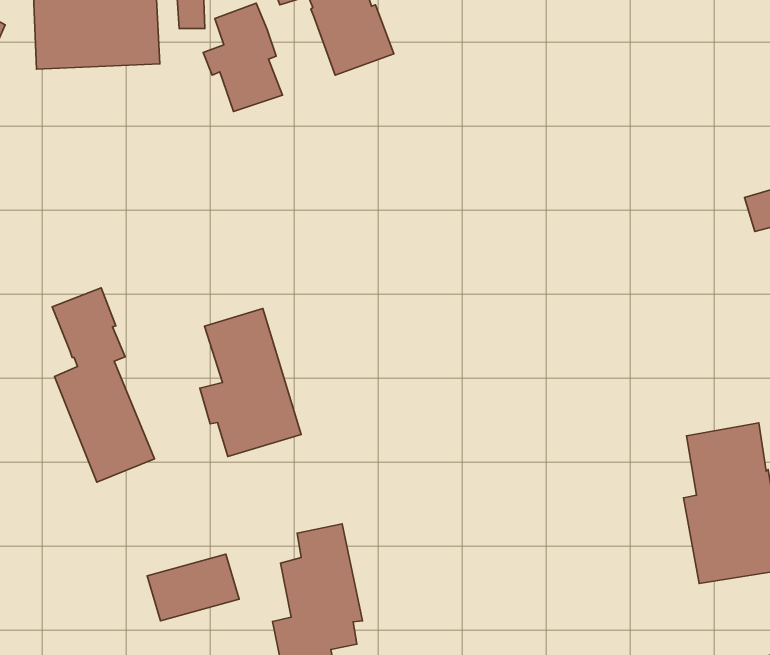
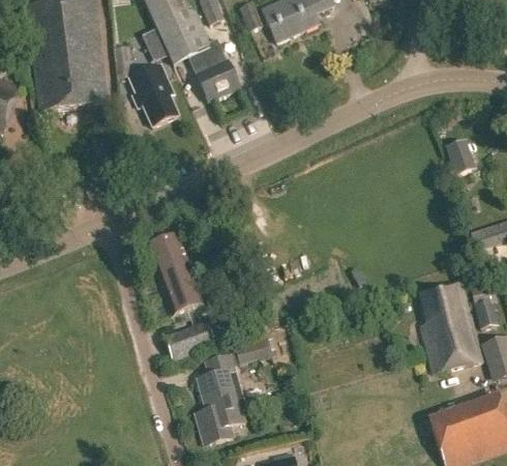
building: [52,288,154,482] -> none
building: none -> [233,332,272,361]
building: [147,554,239,621] -> [161,318,214,358]

